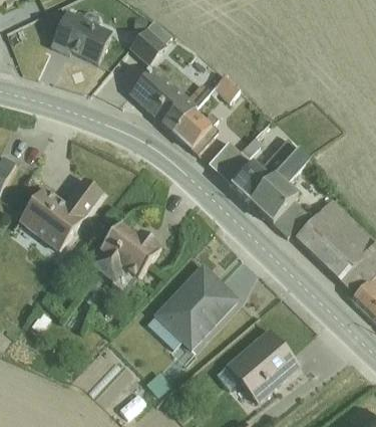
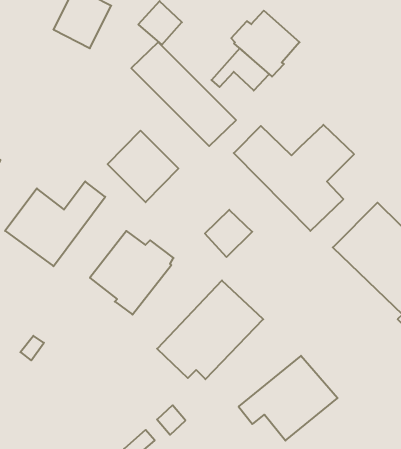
building: none -> [231,11,300,77]
building: none -> [108,131,178,202]
building: none -> [205,210,252,257]

